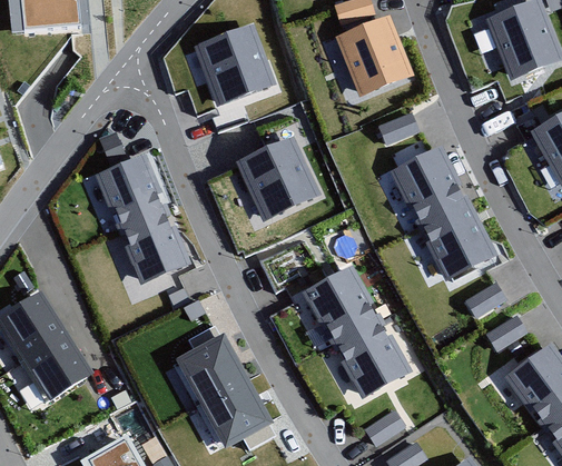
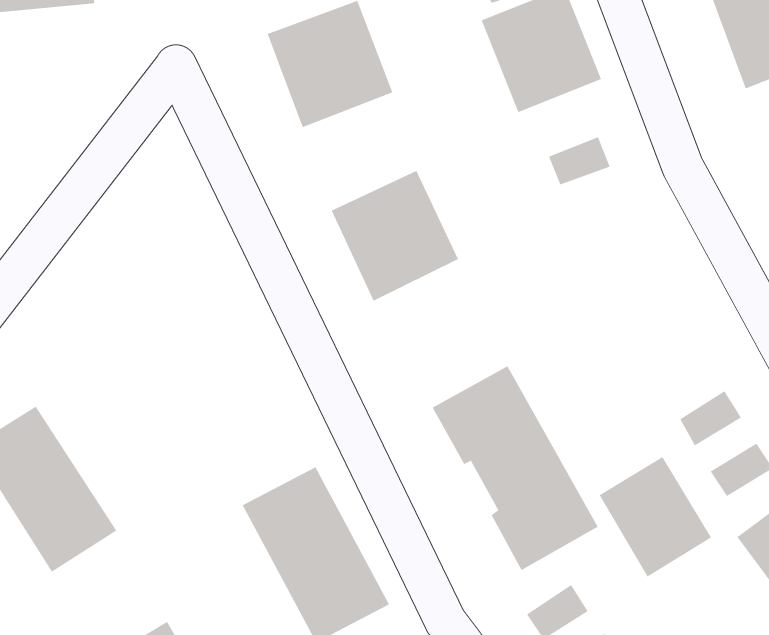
building: [388,146,496,282] -> none
building: [93,155,190,286] -> none
building: none -> [599,456,712,577]

